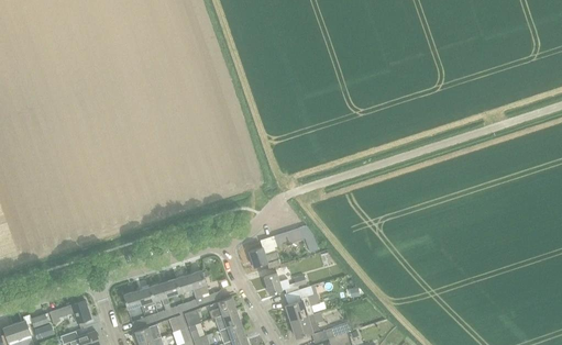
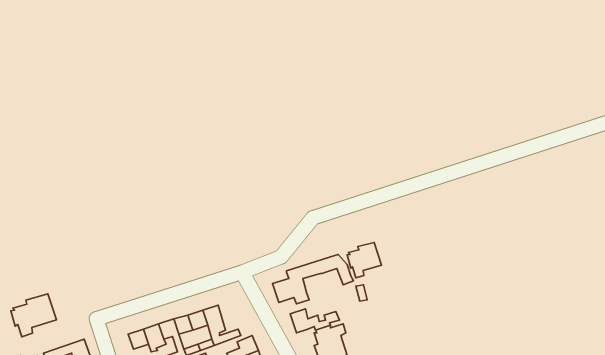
building: none -> [347,242,381,278]
building: none -> [11,294,57,337]

